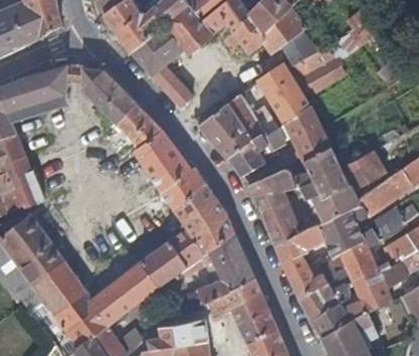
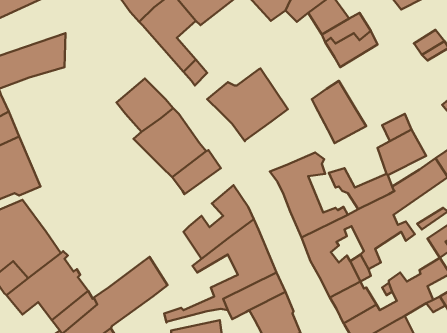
building: [259,63,309,123] -> none
building: [82,68,138,126] -> none
building: [227,128,286,177] -> none
building: [294,144,352,201] -> none
building: [173,184,216,236] -> none
building: [142,240,188,288] -> none
building: [342,240,382,285] -> none

